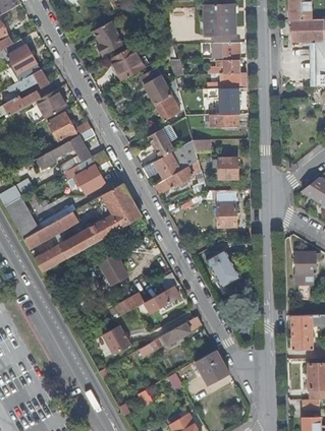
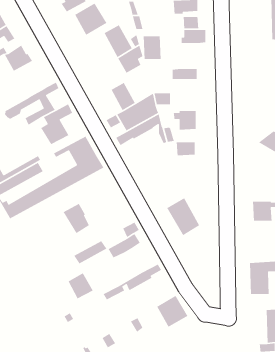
building: [219,88,238,114] -> [143,36,161,60]
building: [47,113,90,145] -> none
building: [216,204,235,227] -> none

